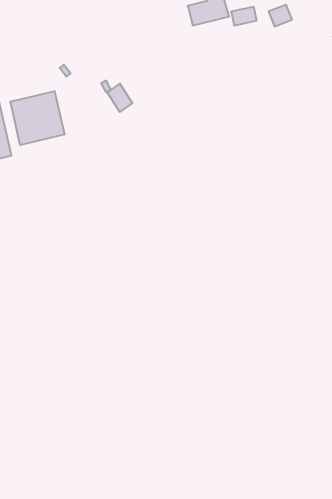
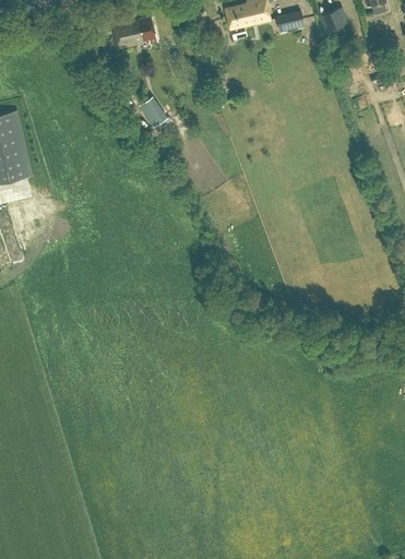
building: none -> [110,17,157,50]
building: [10,91,64,145] -> none

